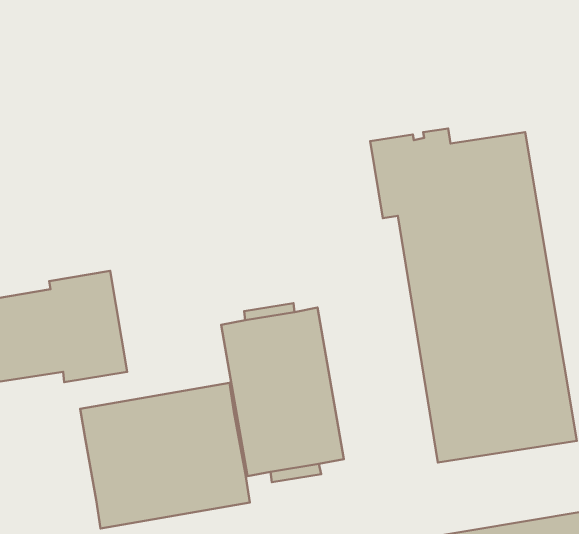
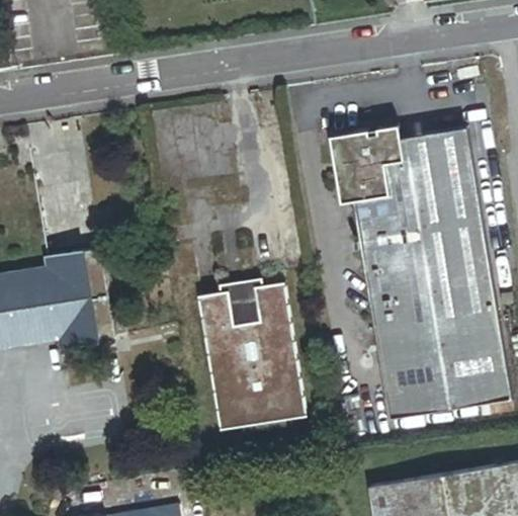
building: [80,383,250,528] -> none

